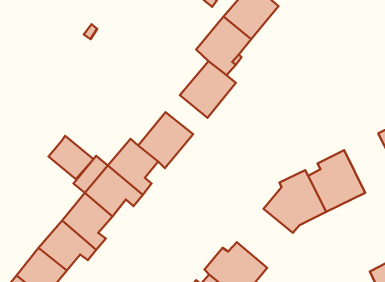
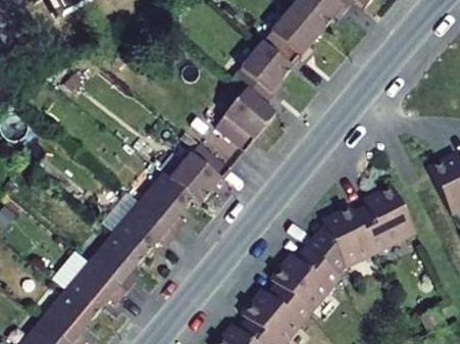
building: [48,136,94,179] -> none
building: none -> [271,248,340,311]

